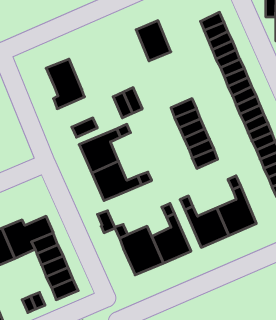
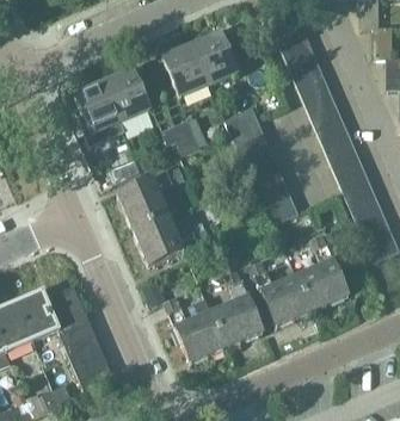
building: none -> [162,43,208,95]
building: none -> [104,68,149,120]
building: none -> [224,106,264,144]

